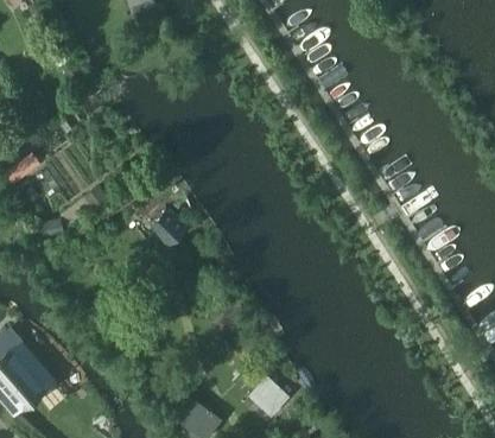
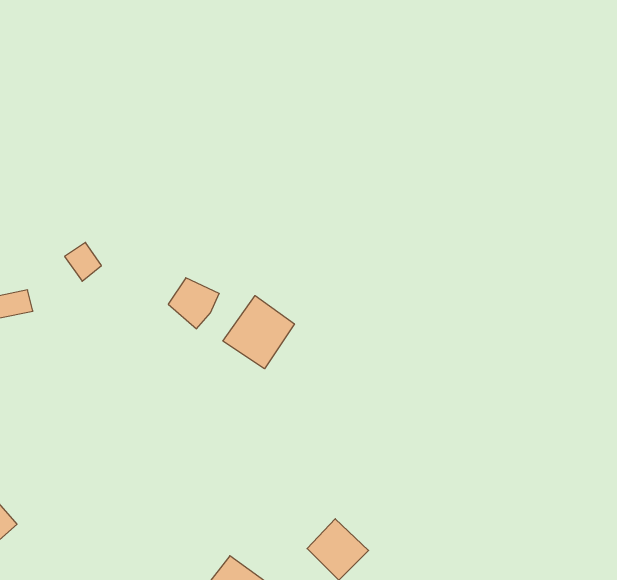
building: none -> [223,296,294,369]

